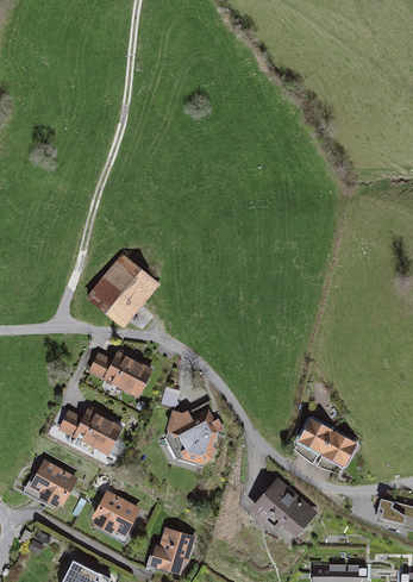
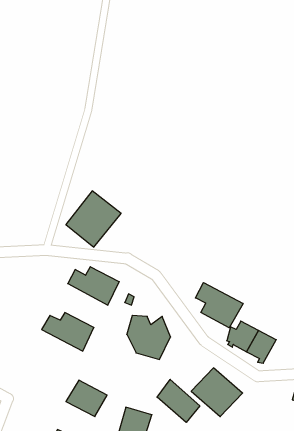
building: none -> [195,283,243,328]
building: [25,462,77,509] -> none
building: none -> [157,379,200,422]

